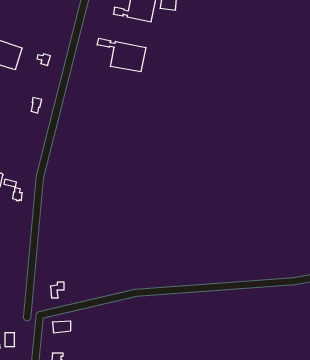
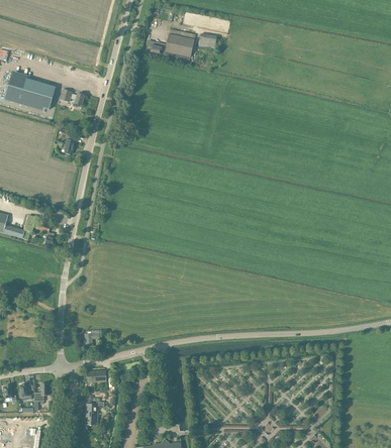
building: [97,38,146,72] -> none

